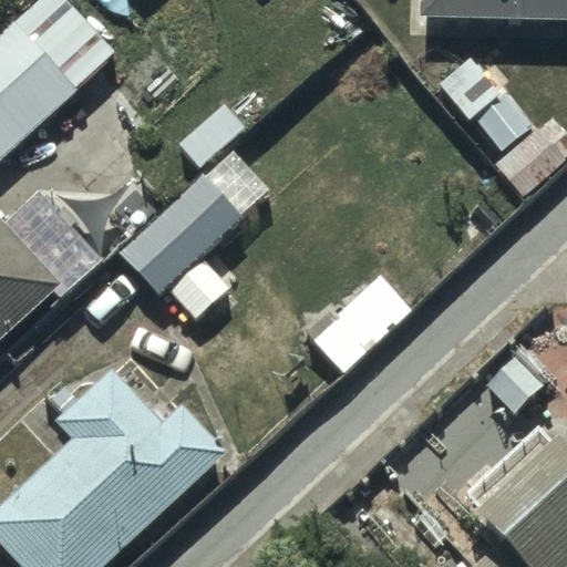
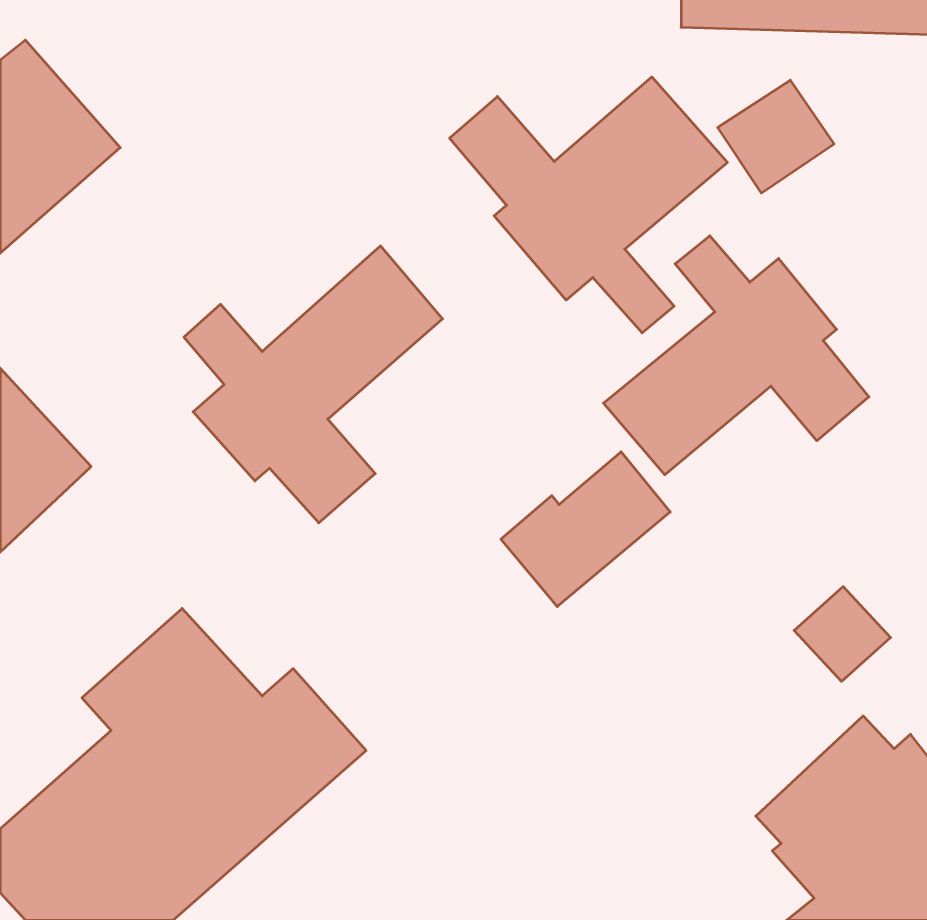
building: none -> [450,77,727,333]
building: none -> [603,236,869,475]

